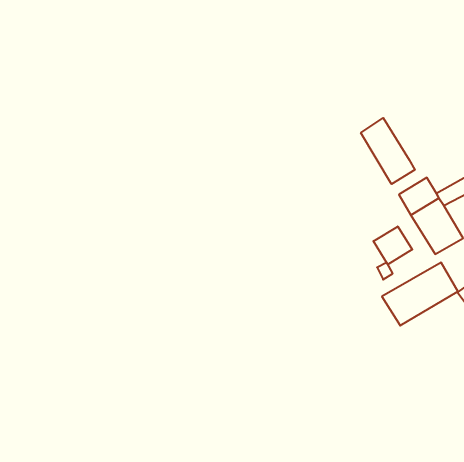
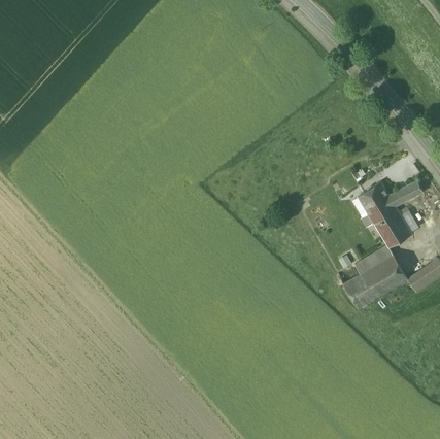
building: [361,118,415,184] -> none
building: [373,226,412,264] -> none

